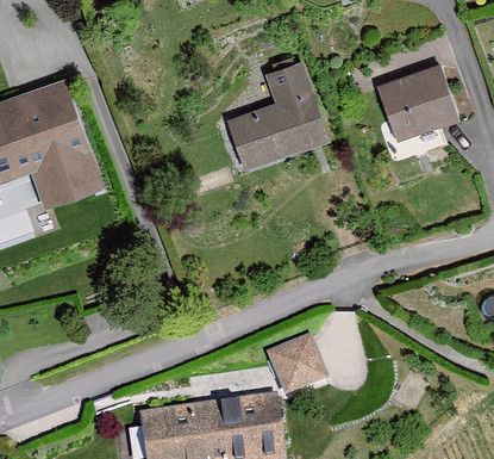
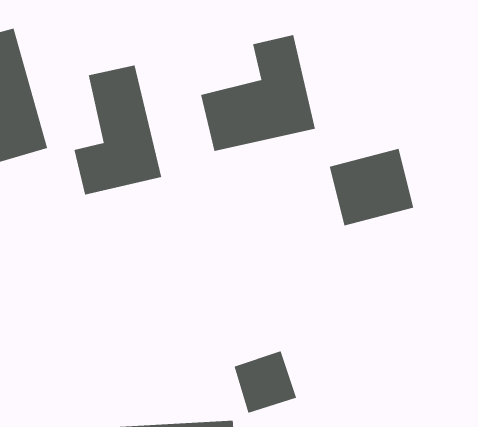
building: [377,69,452,139] -> [329,148,414,227]
building: none -> [74,64,162,196]

